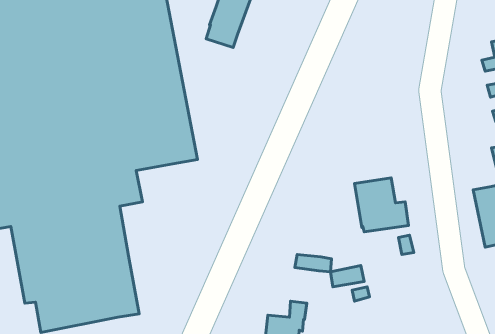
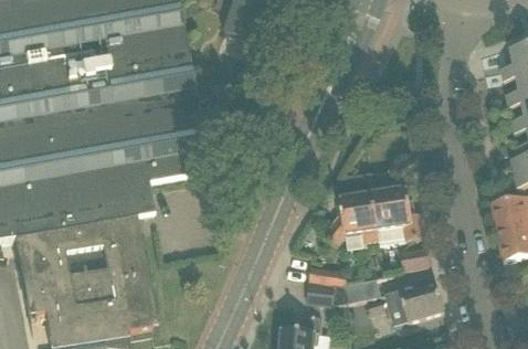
building: none -> [321,192,377,245]
building: none -> [306,278,347,304]
building: none -> [398,281,443,319]

